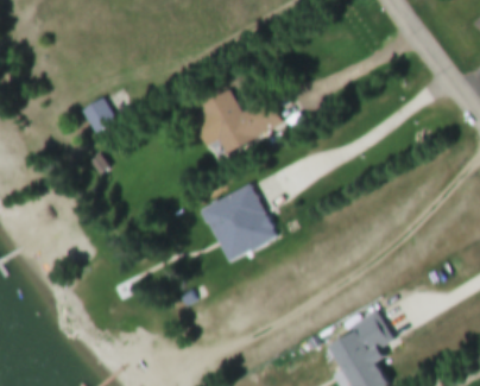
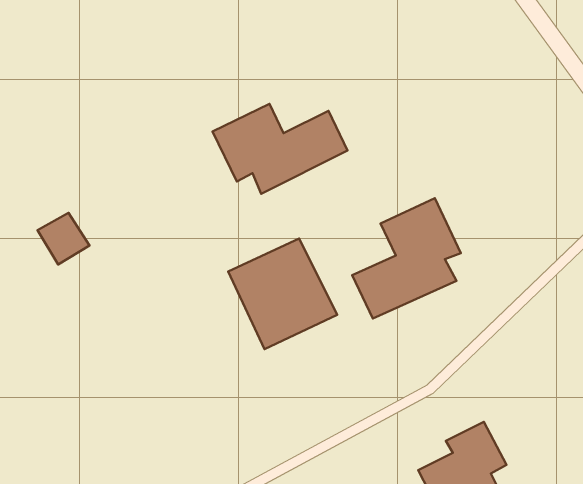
building: [80,99,115,134] -> [38,213,89,265]
building: none -> [352,198,461,319]

